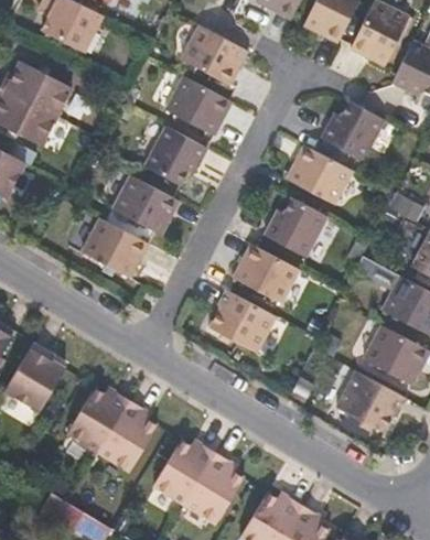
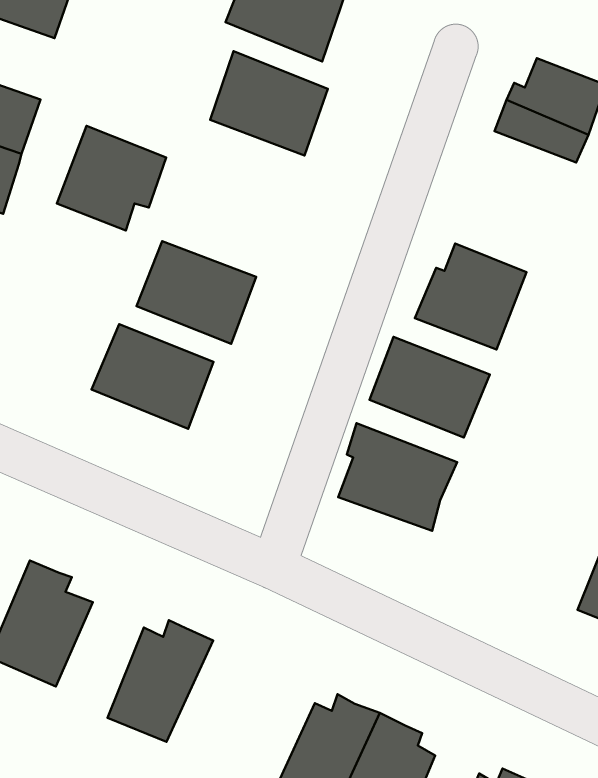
building: [143,126,207,186] -> [57,126,166,230]
building: [286,143,354,205] -> none
building: [96,399,157,472] -> none

